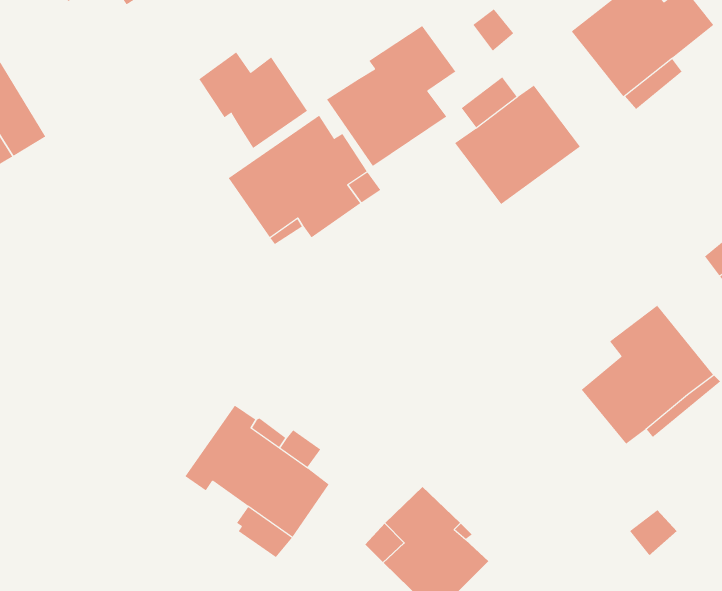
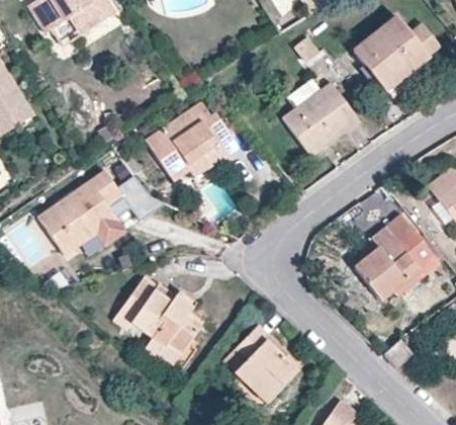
building: [326,25,456,167] -> none
building: [199,51,308,149] -> none
building: none -> [35,169,163,254]

